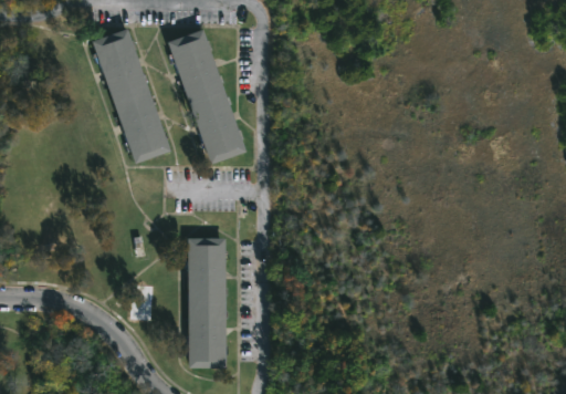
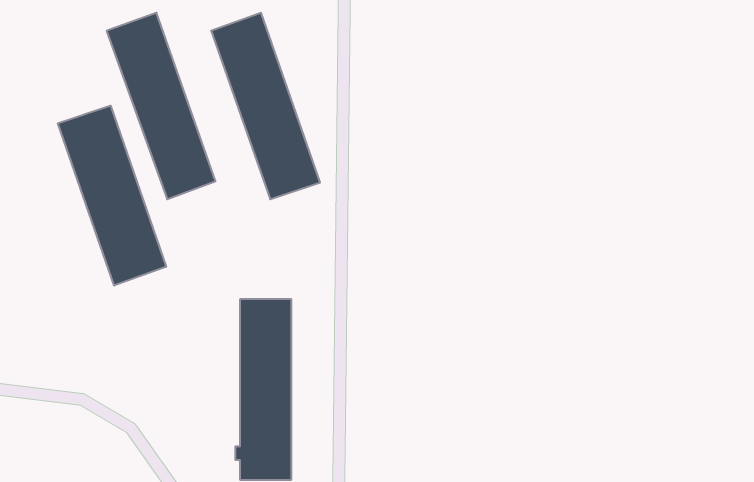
building: none -> [58,106,166,286]

